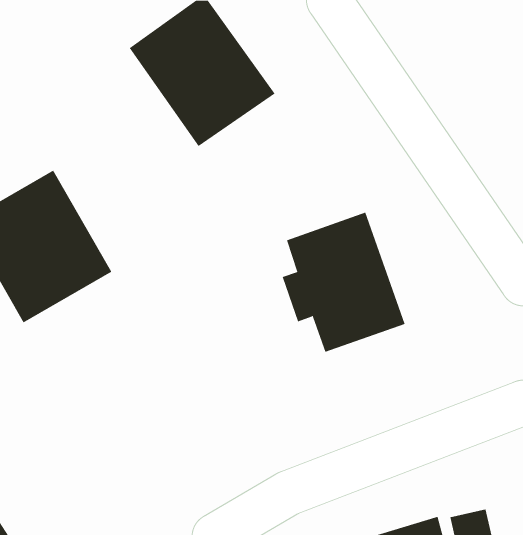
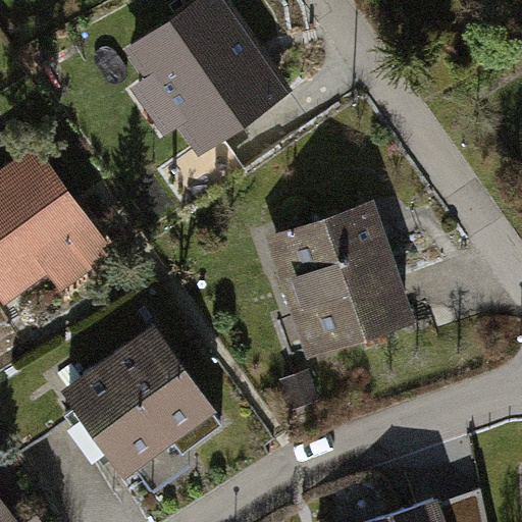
building: none -> [86,341,229,488]

